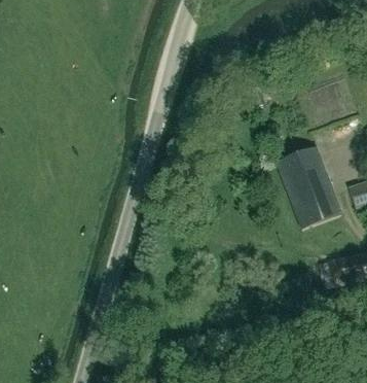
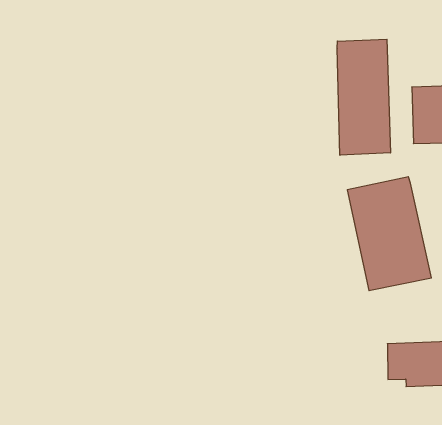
building: none -> [337,39,390,155]

